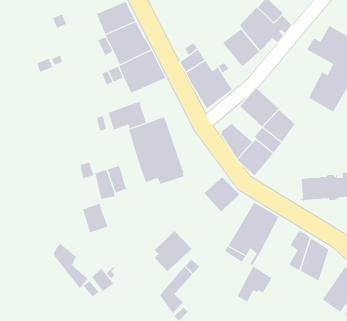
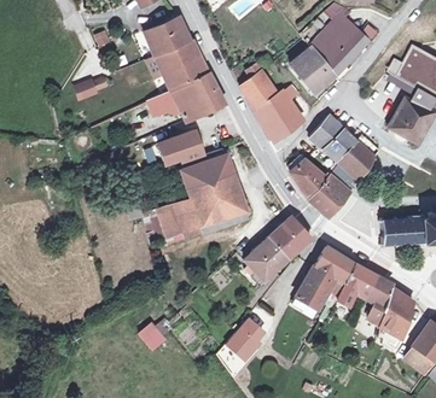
building: [82,203,109,233] -> [172,197,202,232]
building: [154,230,193,272] -> [244,236,289,285]
building: [53,243,88,289] -> none
building: [237,266,273,302] -> [337,264,378,306]

